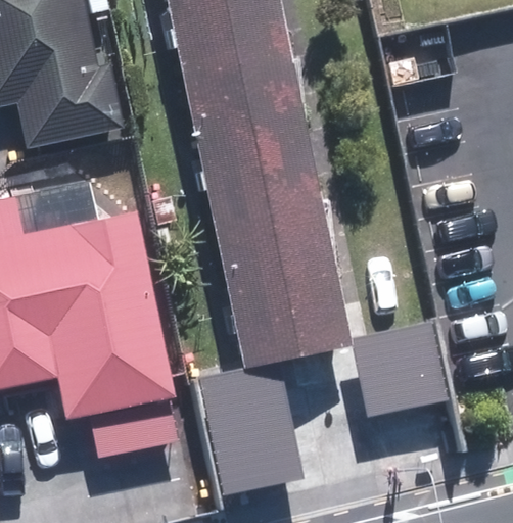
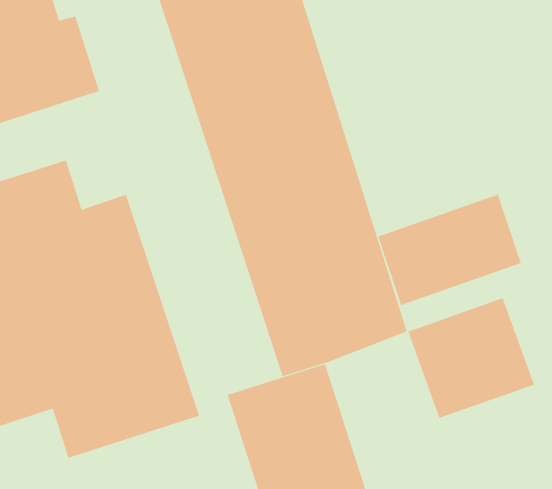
building: none -> [377,194,522,306]

